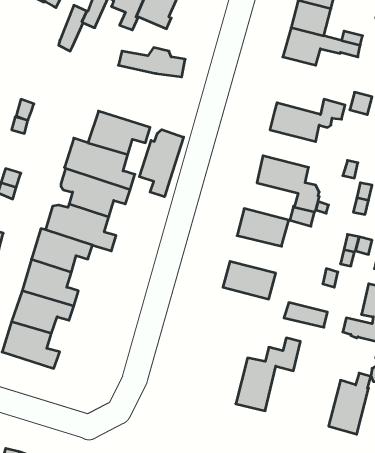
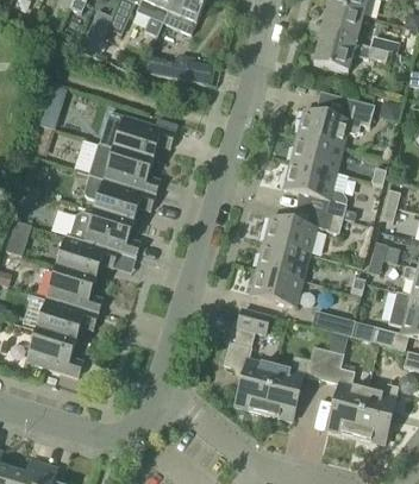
building: [139,130,184,197] -> none
building: none -> [289,136,343,174]
building: none -> [256,243,308,281]
building: none -> [225,309,274,413]
building: none -> [320,350,368,435]

